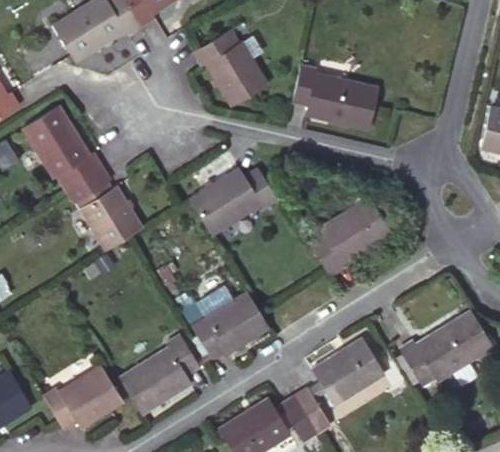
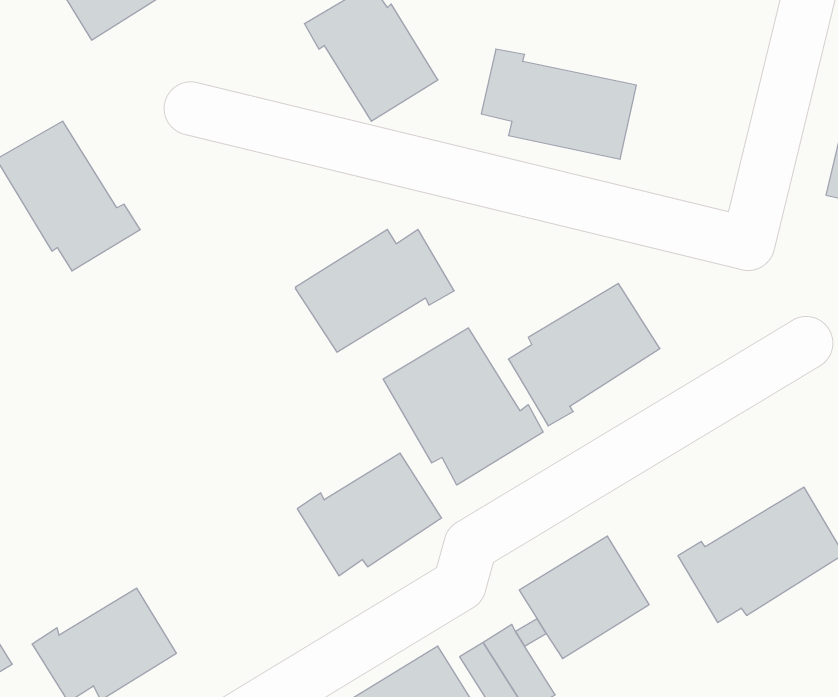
building: [65,167,144,252] -> none
building: none -> [383,328,543,485]
building: [120,337,199,414] -> none

